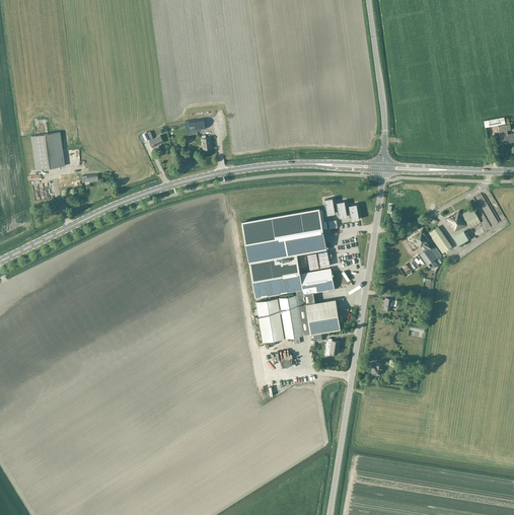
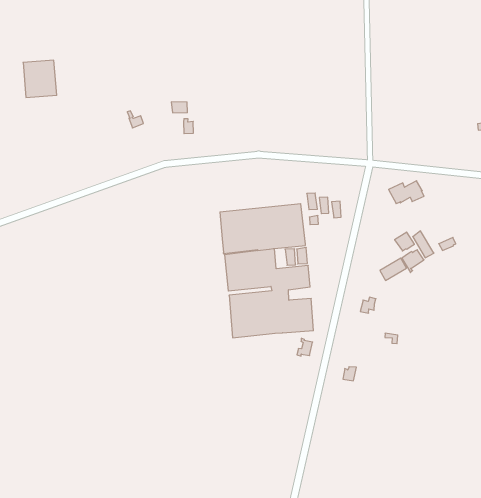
building: [30,133,65,170] -> [23,60,57,97]
building: [446,209,481,232] -> [389,181,424,204]

